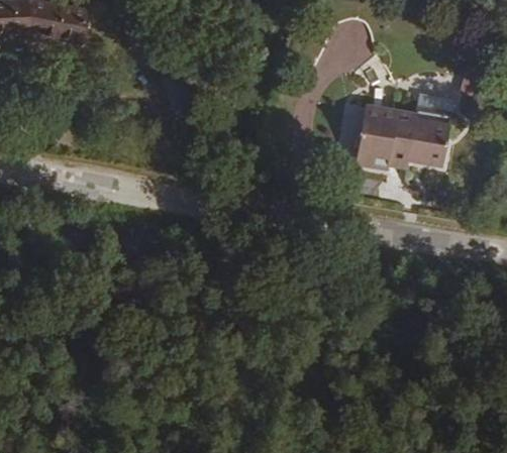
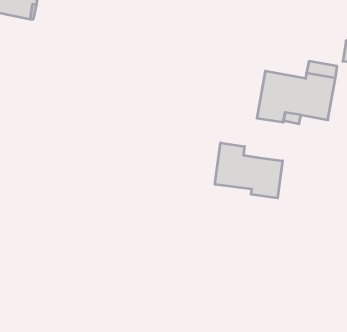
building: none -> [215,143,283,198]

